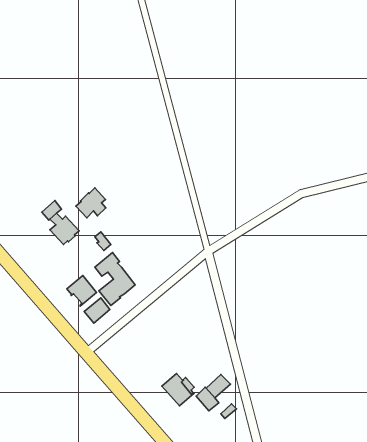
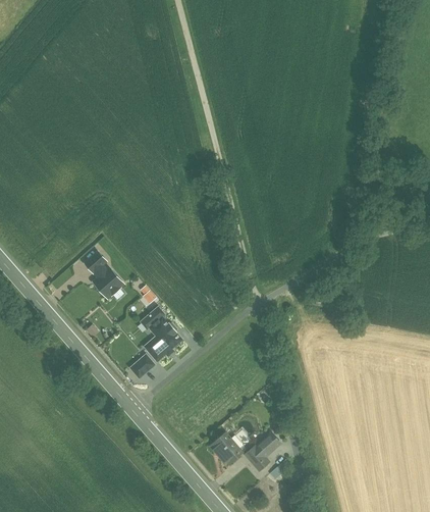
building: [76,188,106,218] -> none
building: [67,276,96,306] -> none

